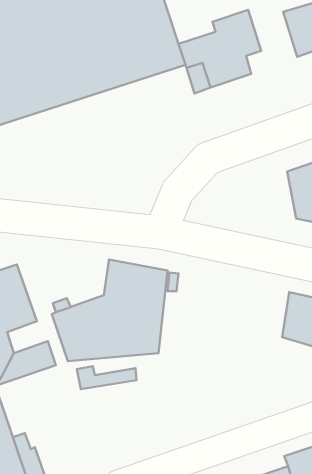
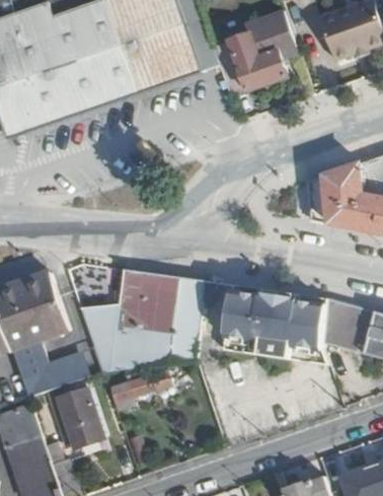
building: none -> [219,282,325,363]
building: none -> [46,385,102,445]

